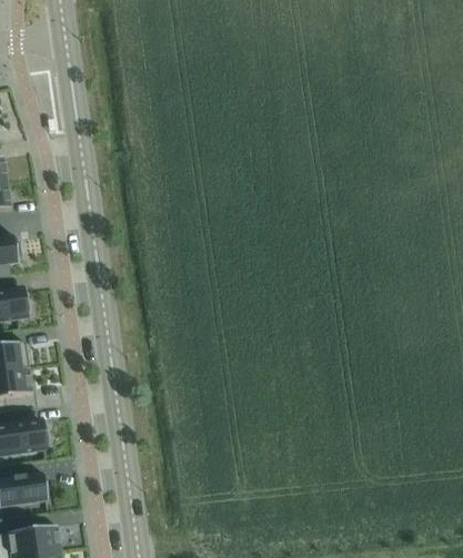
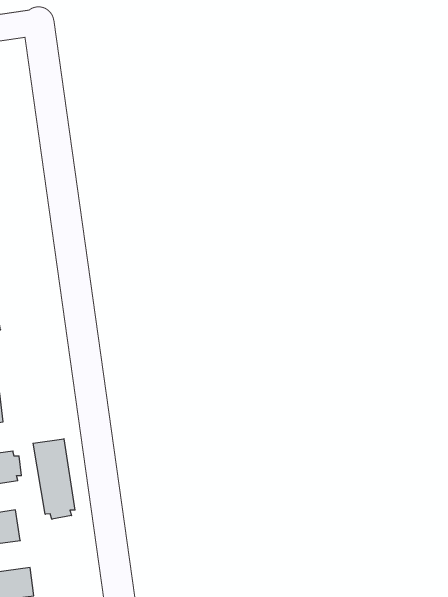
building: none -> [33,439,75,519]

